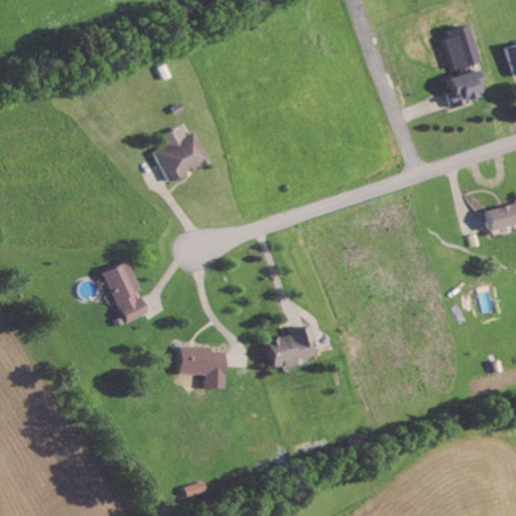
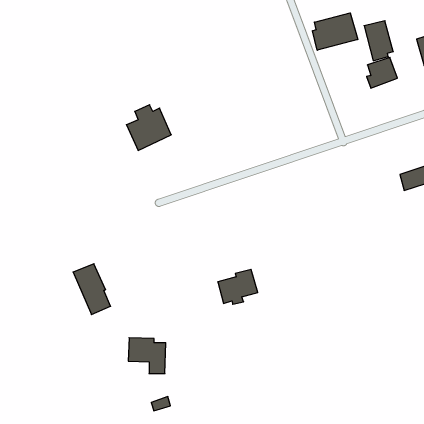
building: none -> [312,13,358,50]
building: [103,262,148,324] -> [73,264,111,315]
building: [179,346,225,389] -> [128,338,166,374]

